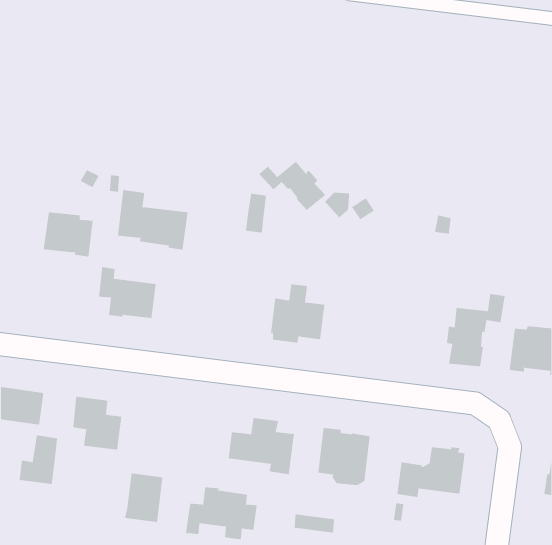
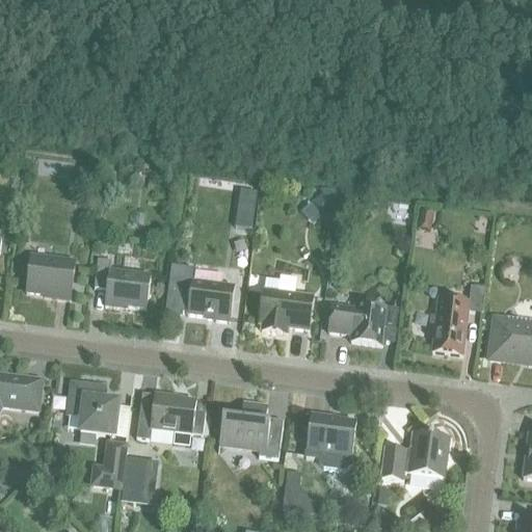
building: [258,161,326,211] -> none
building: [117,190,188,250] -> [166,262,235,320]
building: [43,212,94,257] -> [26,254,75,297]
building: none -> [328,298,398,344]
building: [19,435,58,485] -> [89,442,127,489]
building: [185,487,258,540] -> [136,392,206,443]

